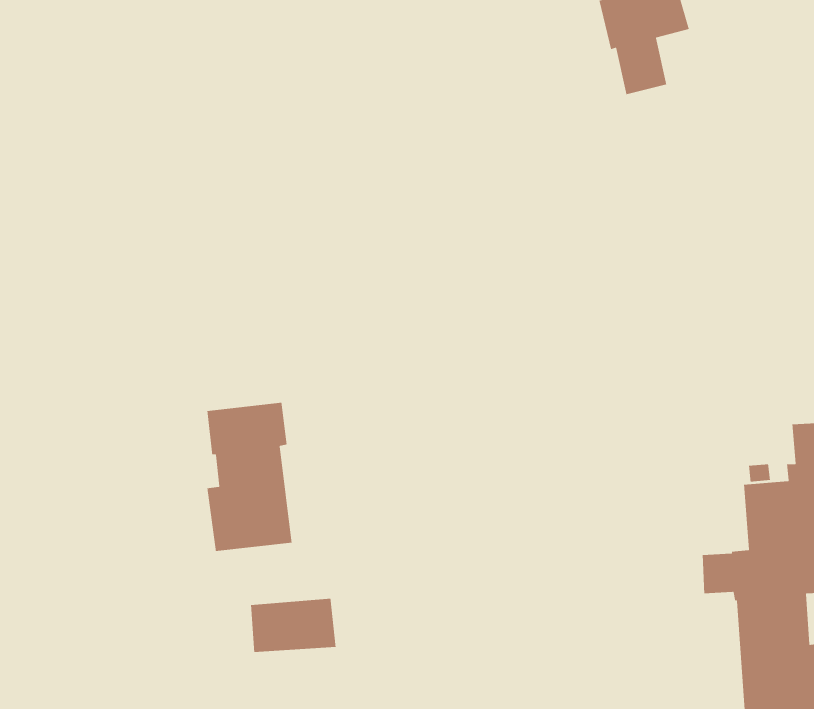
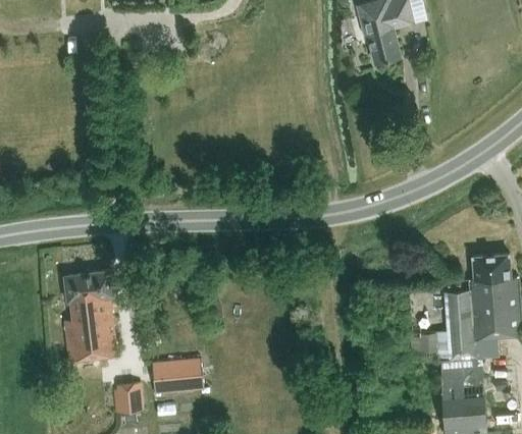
building: [206,402,293,552] -> [64,270,115,359]
building: none -> [112,382,144,415]

